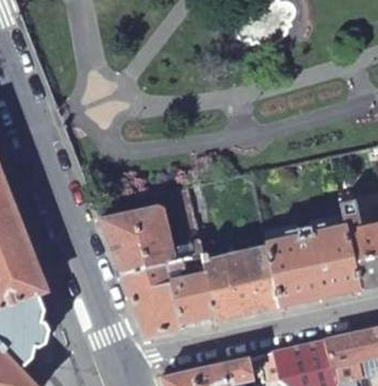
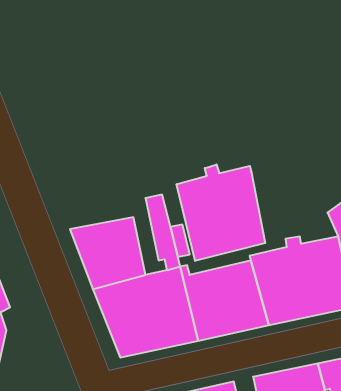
building: none -> [177,164,265,261]

